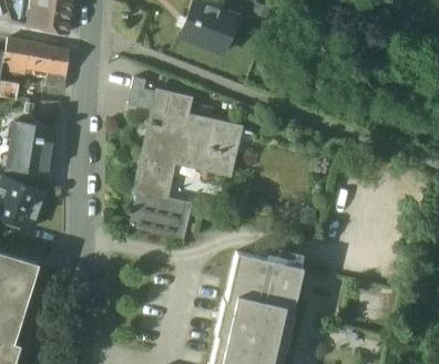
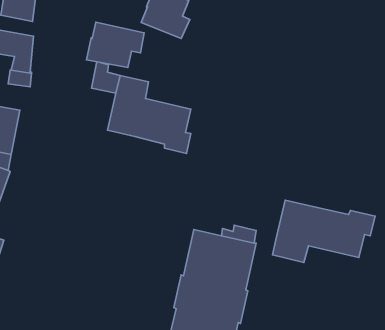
building: none -> [86,22,144,68]
building: [131,148,193,238] -> none
building: none -> [273,200,375,262]

